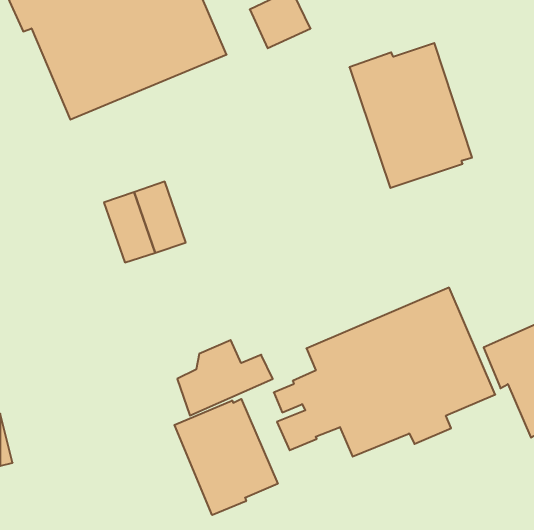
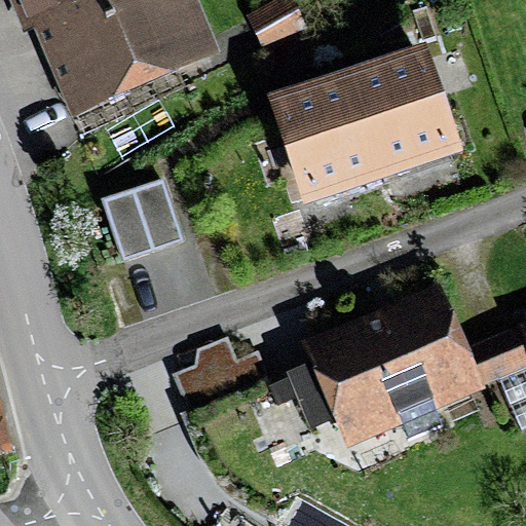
building: none -> [268,66,384,206]
building: [174,399,278,515] -> none

